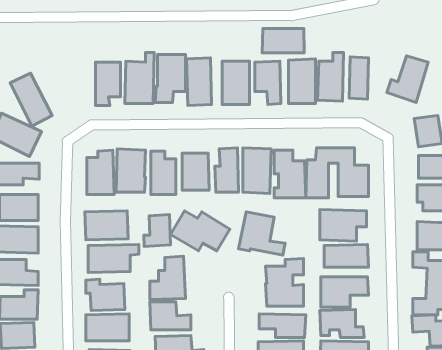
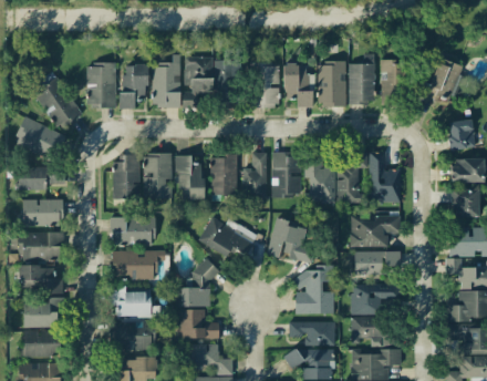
building: [262,29,304,53] -> none
building: none -> [87,63,116,107]
building: [144,214,170,246] -> none

